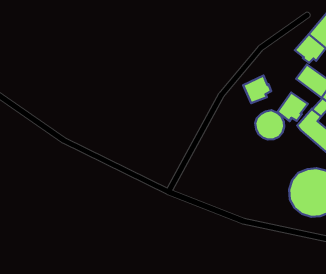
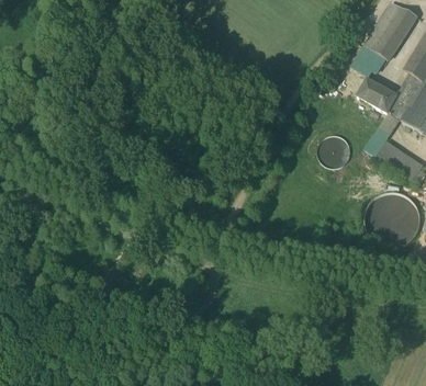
building: [243,76,271,103] -> none
building: [278,93,308,121] -> none

